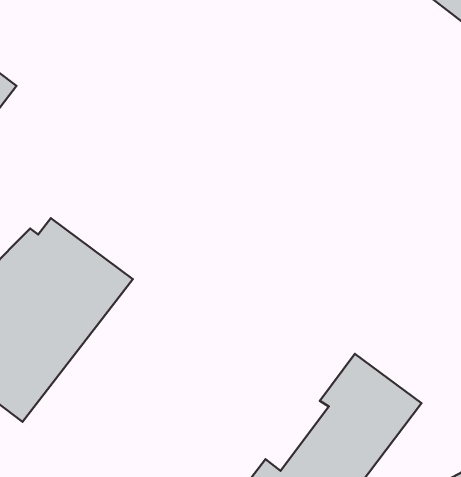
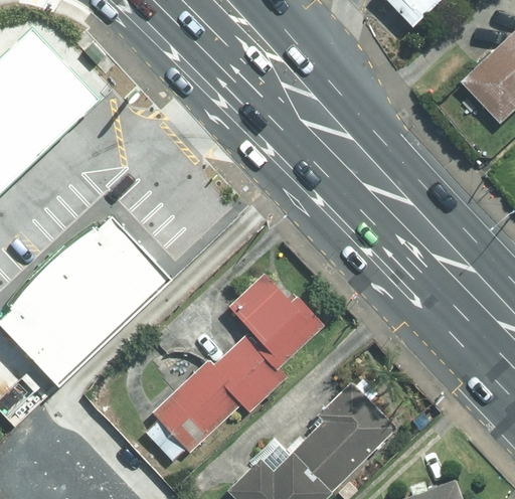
building: none -> [154,264,323,452]

